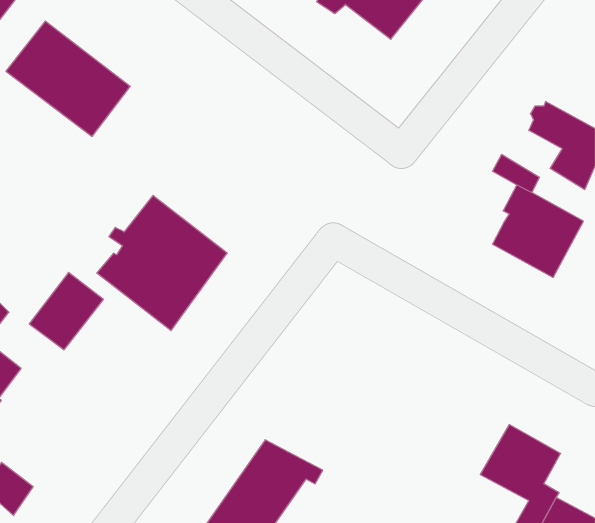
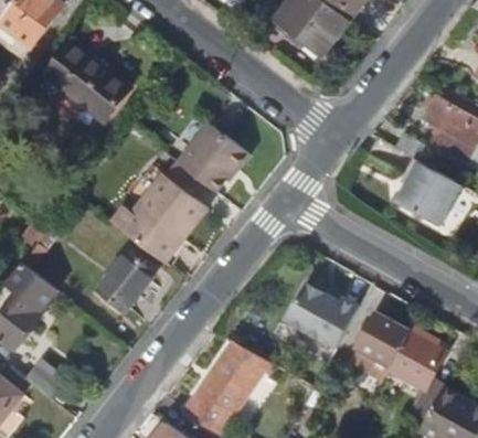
building: none -> [167,118,246,191]
building: [29,272,103,350] -> [96,256,150,312]
building: none -> [285,282,359,348]
building: none -> [352,313,410,380]

